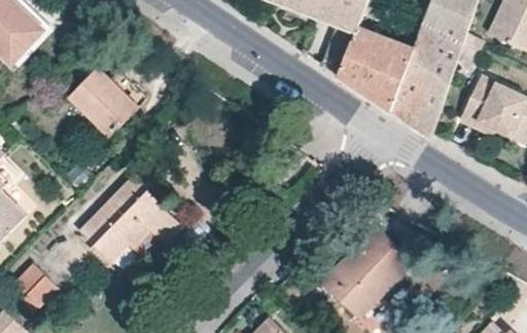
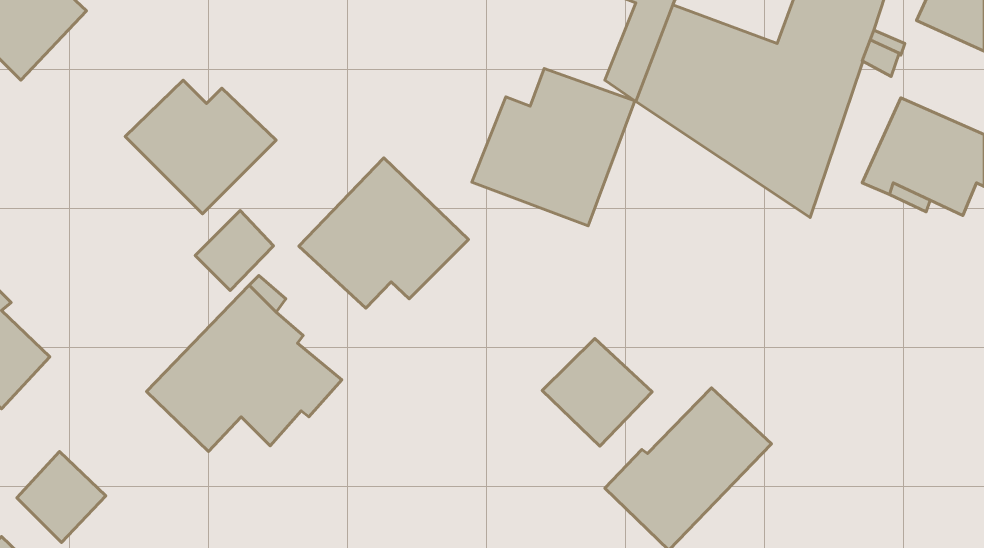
building: none -> [472,69,635,226]
building: none -> [299,158,469,308]
building: none -> [195,210,274,291]
building: none -> [542,339,652,446]

